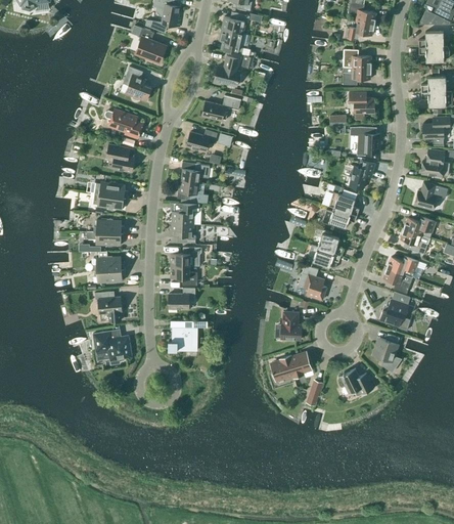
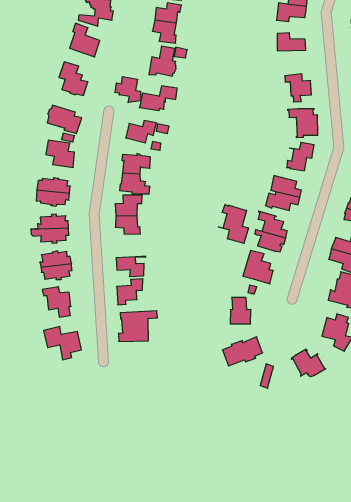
building: [343,67,371,84] -> none
building: none -> [115,77,141,103]
building: none -> [218,204,248,244]
building: [170,247,201,265] -> none

